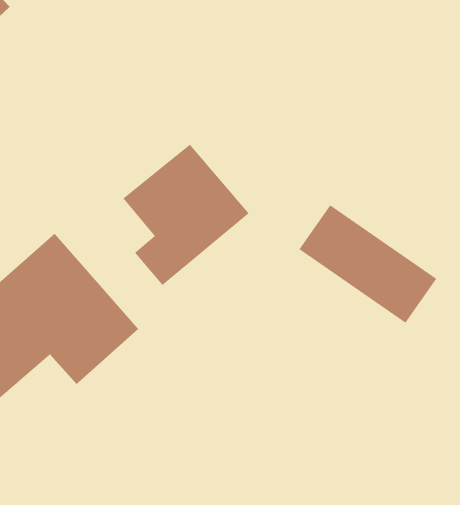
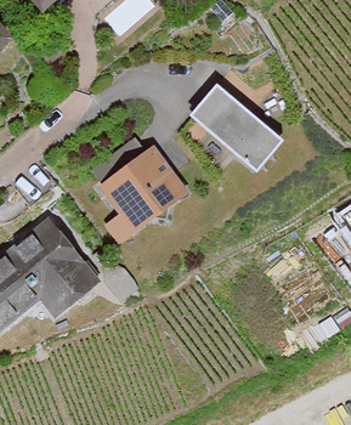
building: [298,205,437,323] -> [193,85,295,172]

